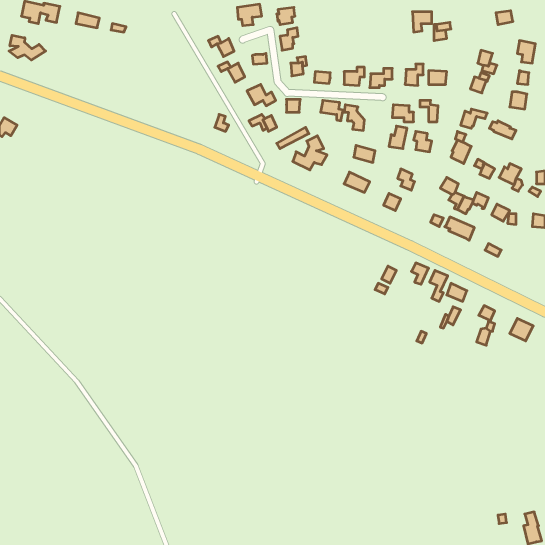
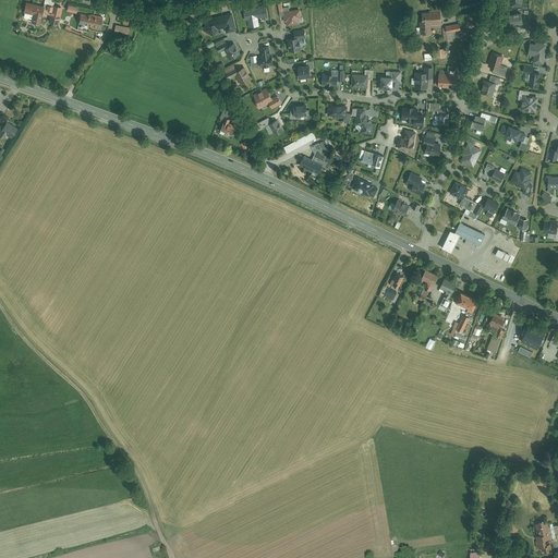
building: none -> [202,12,235,36]
building: [9,35,46,60] -> none

